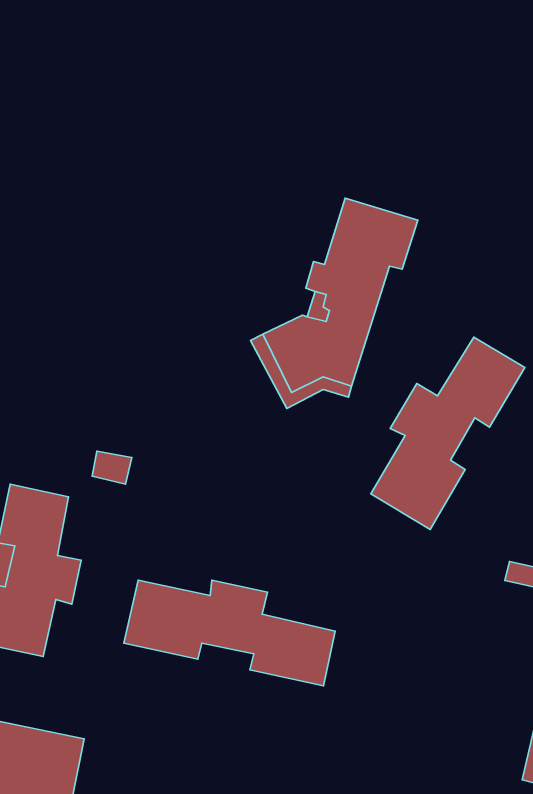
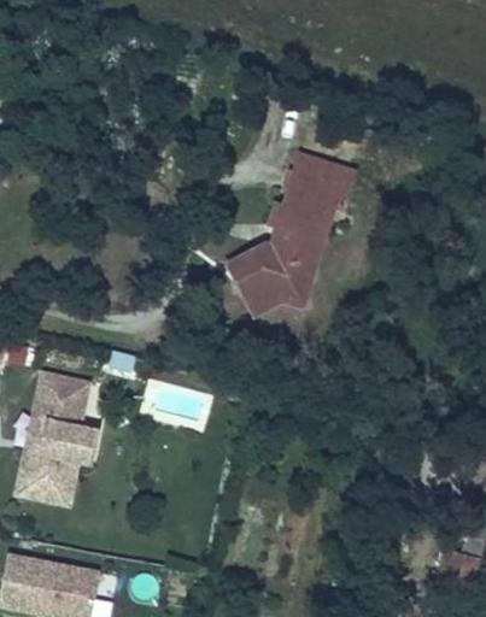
building: [371,337,525,529] -> none
building: [124,580,335,686] -> none

